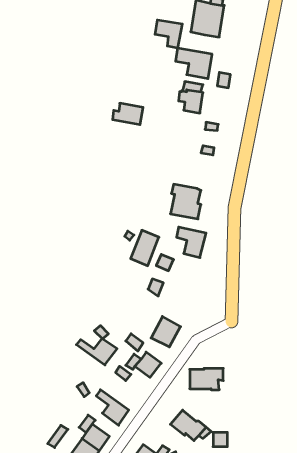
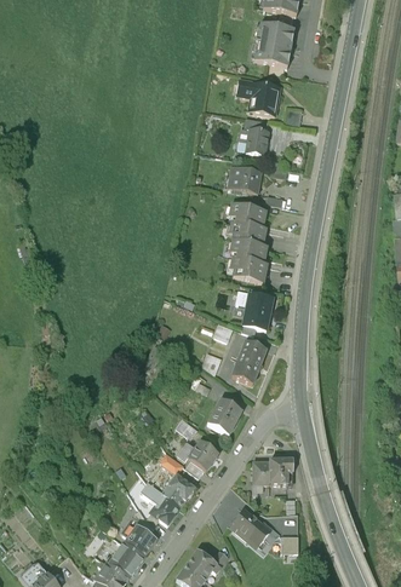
building: [155,20,182,48] -> none
building: [113,103,143,125] -> [224,167,260,192]
building: none -> [228,203,264,244]
building: [131,230,159,266] -> [233,340,267,382]
building: [76,339,117,365] -> [145,477,194,508]

